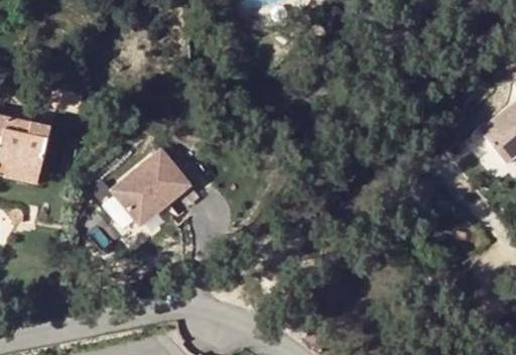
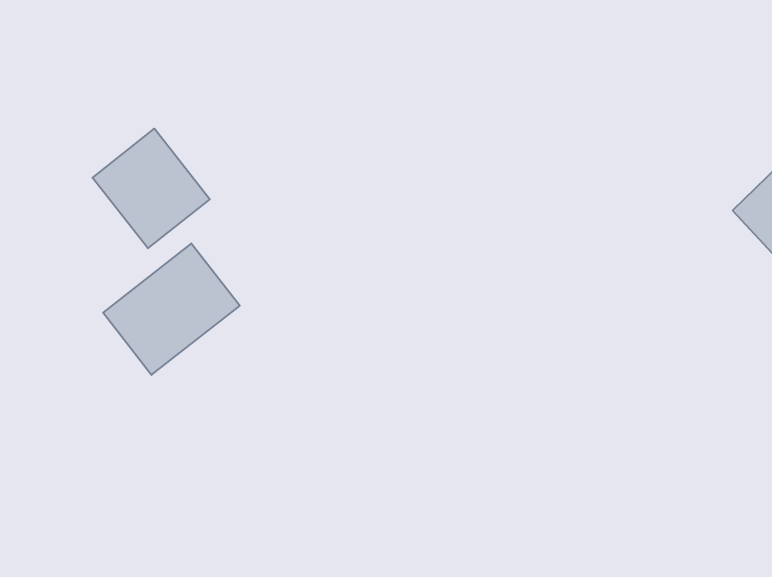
building: none -> [92,129,210,248]

